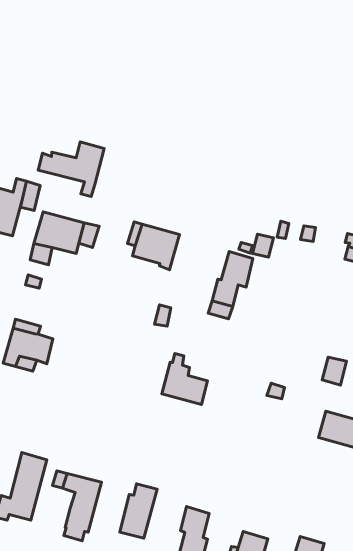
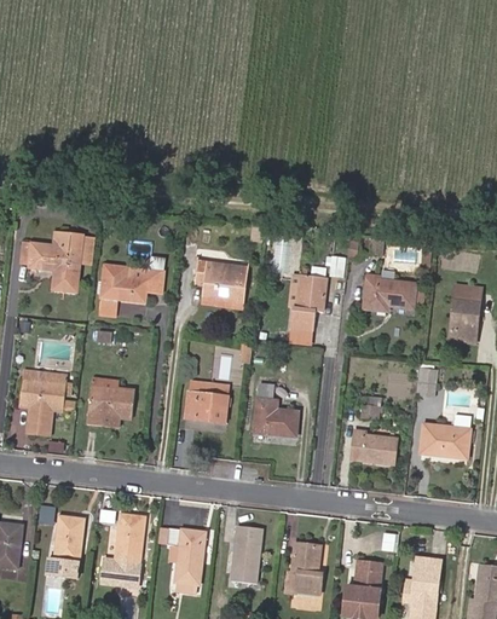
building: [38,142,104,197] -> none
building: none -> [363,274,415,312]
building: none -> [185,392,229,423]
building: none -> [351,430,395,464]

